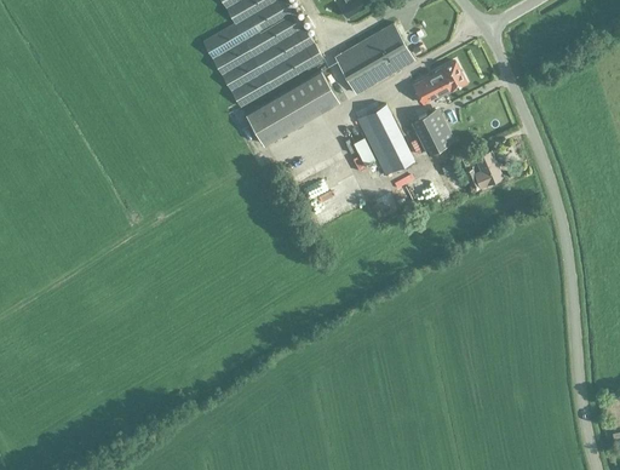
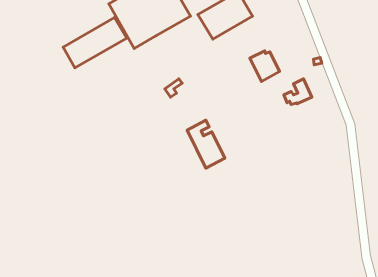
building: [413,63,466,105] -> none
building: [246,71,339,145] -> [63,18,127,68]
building: [357,105,413,176] -> [187,120,225,168]

